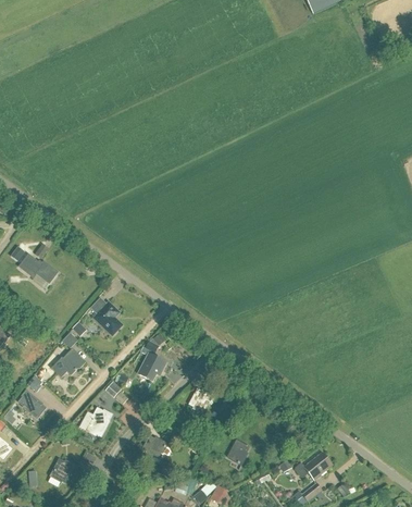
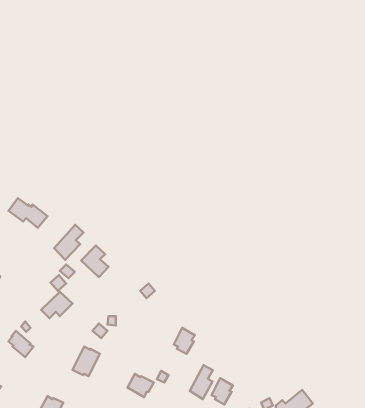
building: none -> [54,225,83,260]
building: [136,353,165,381] -> none
building: none -> [190,365,213,399]

